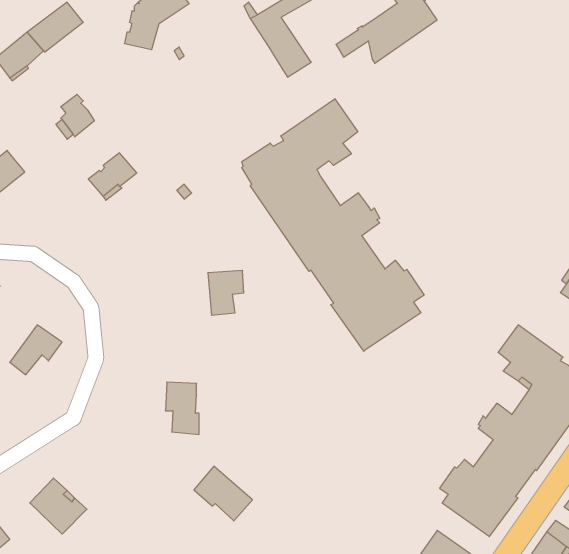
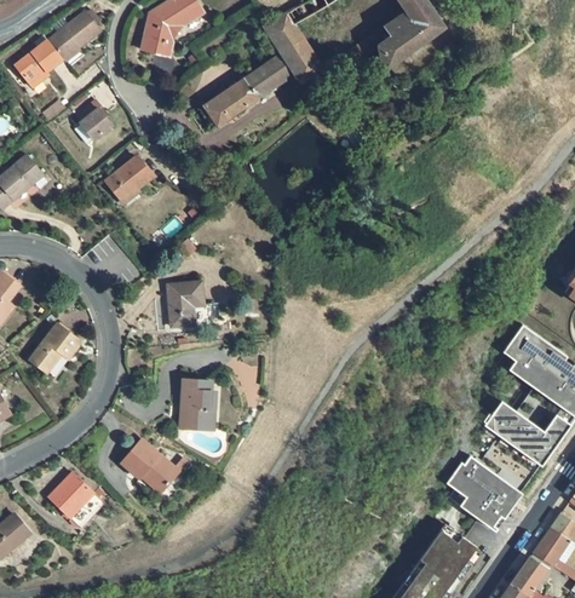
building: none -> [199,54,294,130]
building: [242,99,424,351] -> none
building: [208,270,244,315] -> [168,283,203,327]
building: [194,466,252,521] -> [122,439,179,493]

